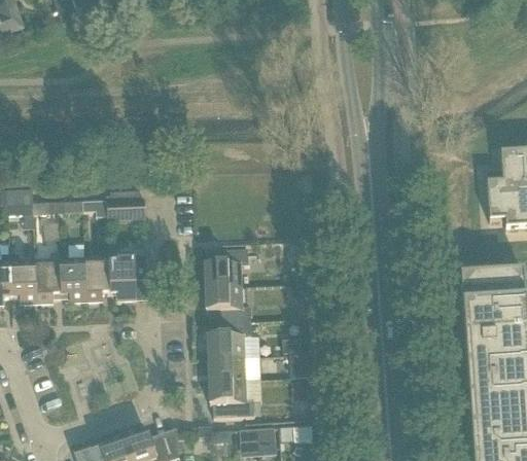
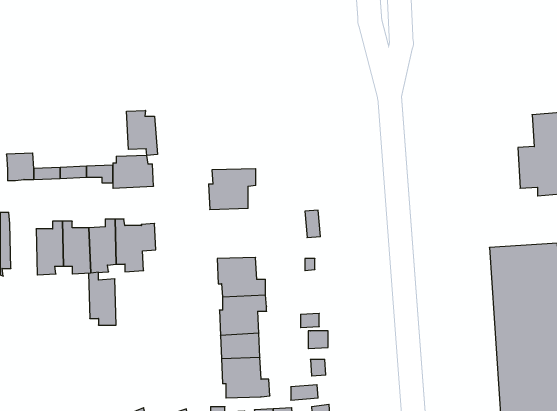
building: none -> [127,110,157,155]
building: [205,250,249,288] -> [209,169,256,209]
building: [11,254,37,304] -> [89,272,116,325]

